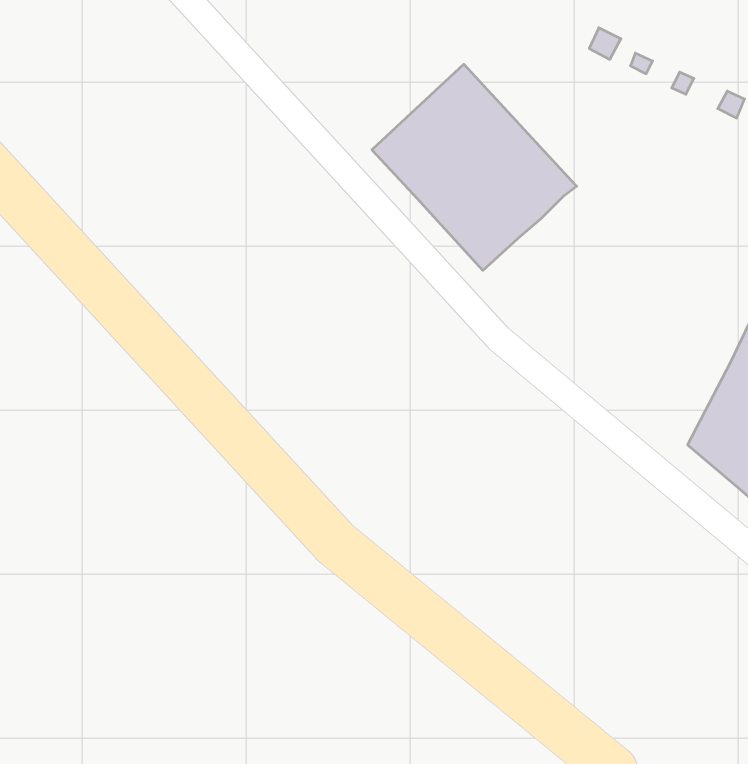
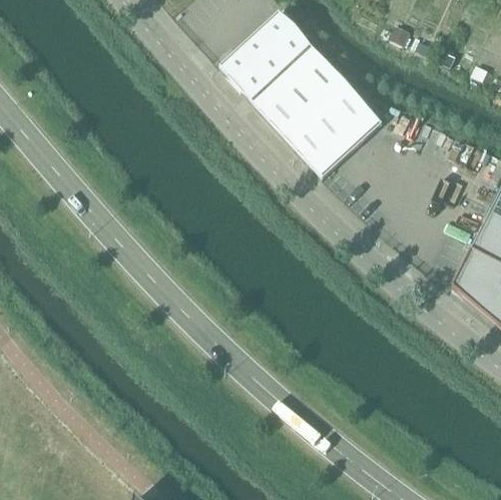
building: none -> [221,10,312,99]

